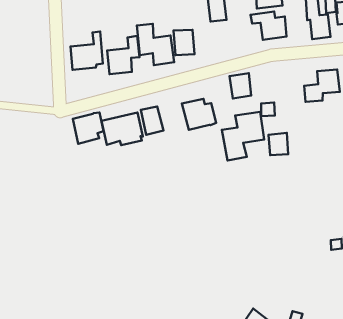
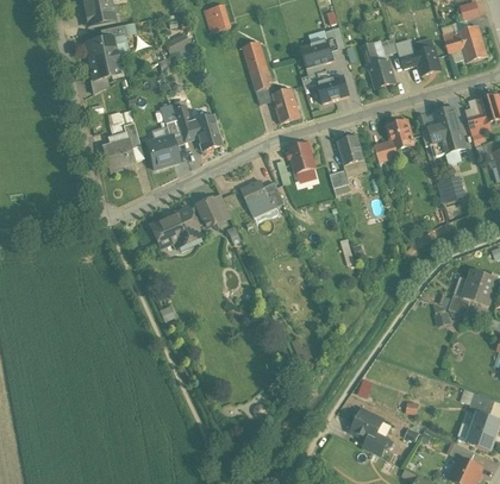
building: [174,30,195,55] -> [271,87,300,119]
building: [222,112,264,160] -> none
building: [73,113,104,144] -> none
building: [269,133,288,155] -> [337,134,363,163]

